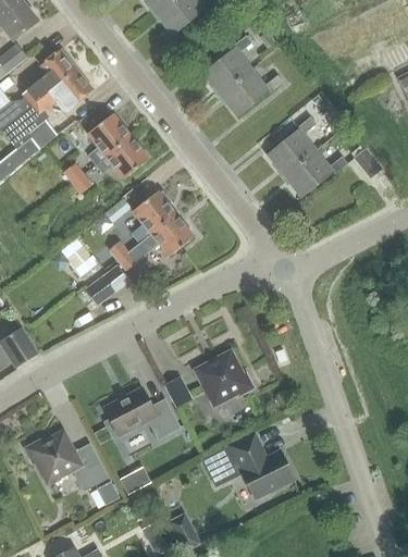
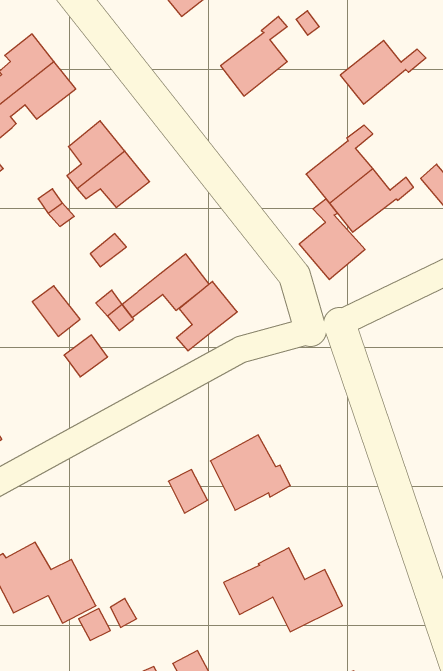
building: [220,69,284,116] -> [340,40,426,104]
building: none -> [299,199,365,280]
building: [131,190,176,243] -> [176,281,237,351]
building: [104,387,181,438] -> none

